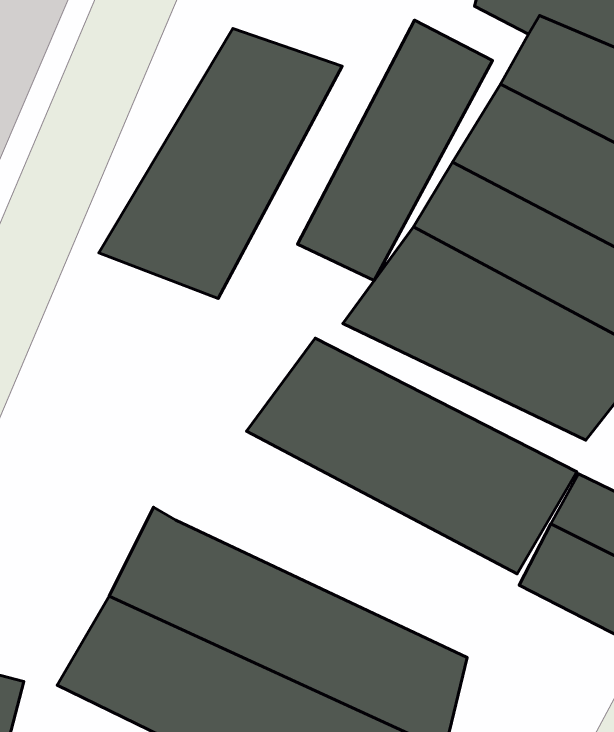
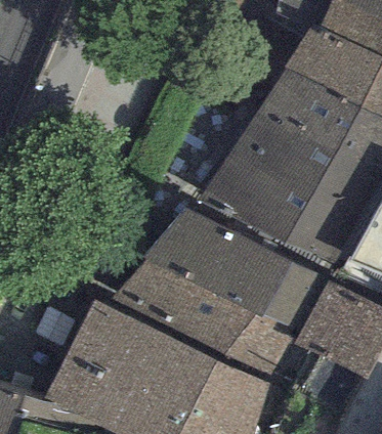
building: [297,20,492,281] -> none
building: [99,28,342,298] -> none
building: none -> [107,256,295,381]

